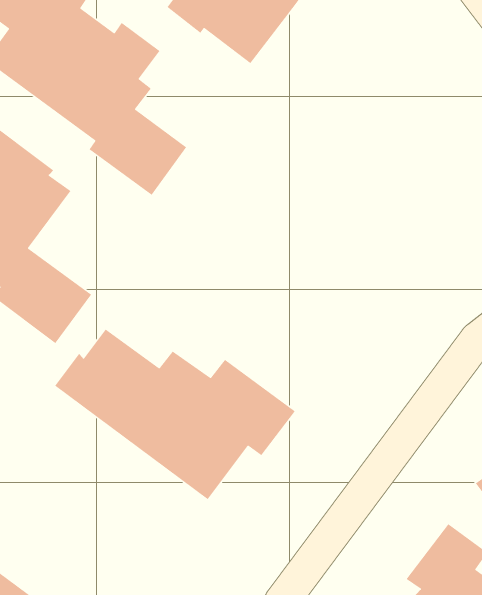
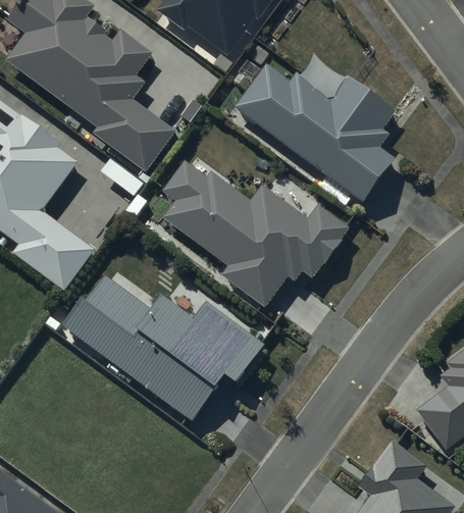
building: none -> [235,65,397,206]
building: none -> [163,162,350,309]

